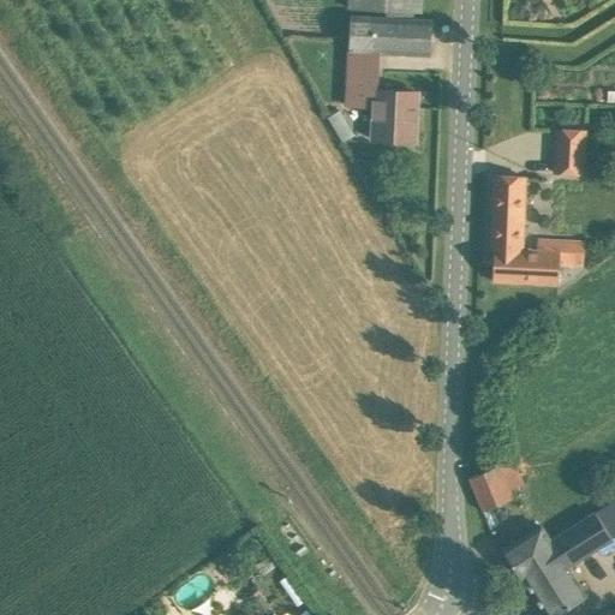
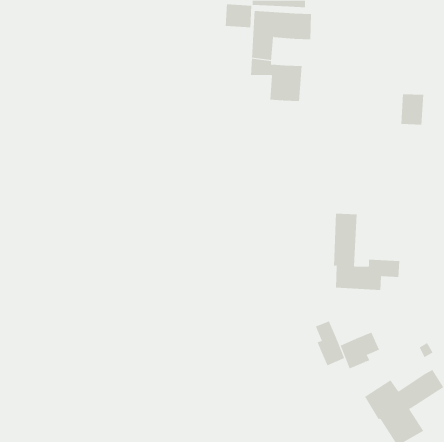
building: none -> [225,4,252,28]
building: [491,178,584,285] -> [333,213,400,290]
building: none -> [315,320,345,366]

